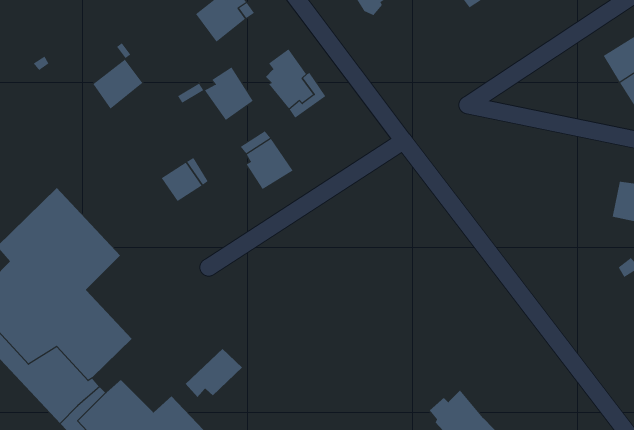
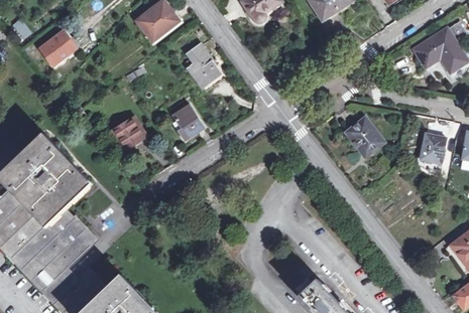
building: [92,59,143,110] -> [40,32,75,66]
building: [204,67,254,121] -> none
building: none -> [348,118,383,156]
building: [185,348,243,398] -> none

